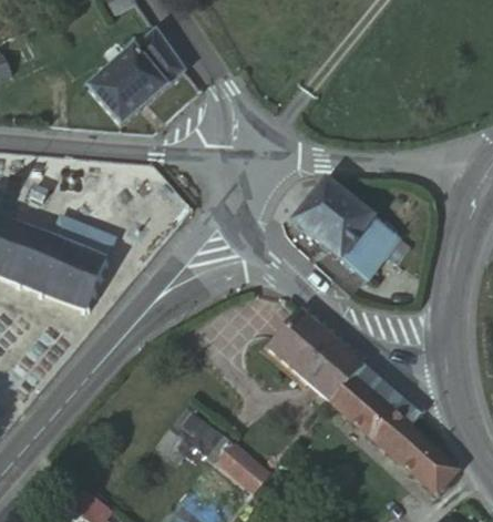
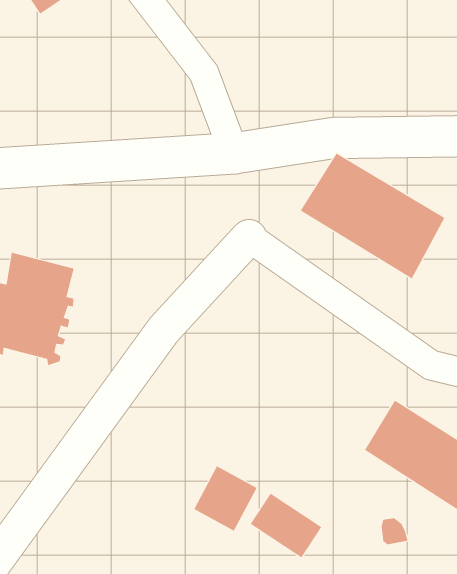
building: [92,30,185,119] -> none
building: [265,319,356,409] -> none

